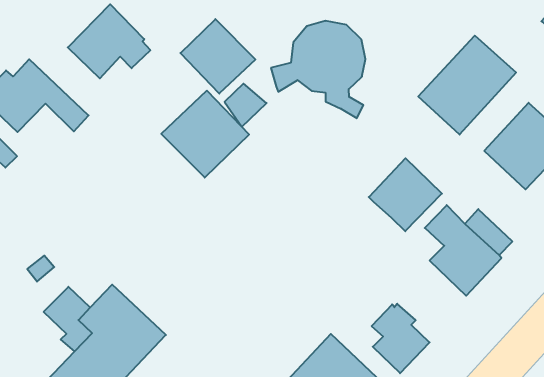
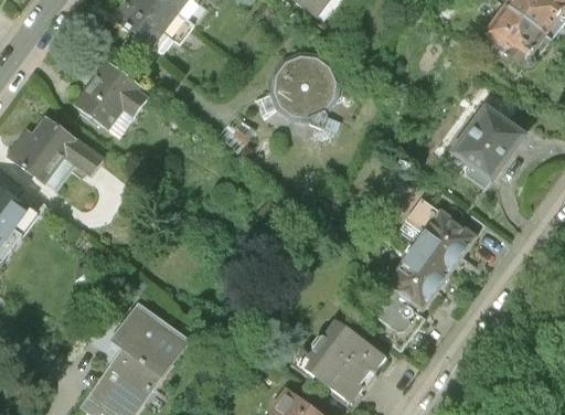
building: [180,19,255,94] -> none
building: [418,36,516,135] -> none
building: [161,91,249,178] -> none
building: [369,158,442,231] -> [385,248,448,311]

